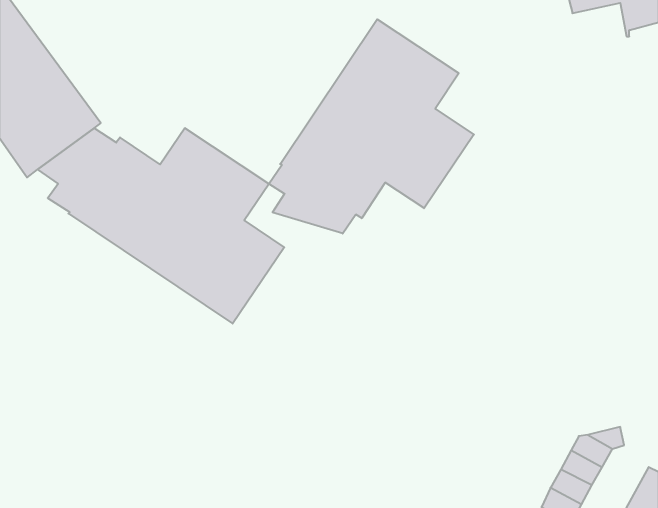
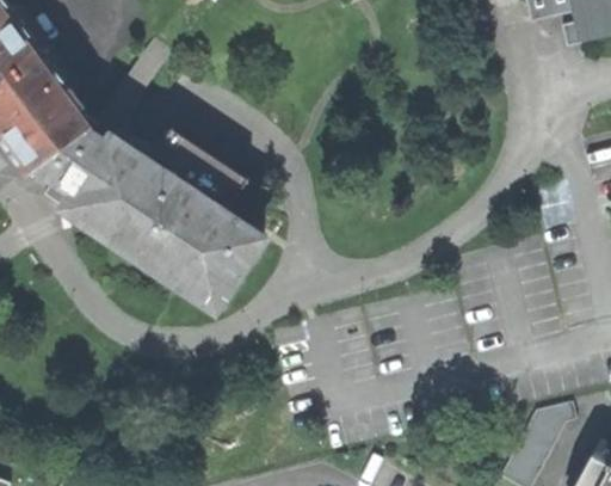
building: [269,19,474,234] -> none

